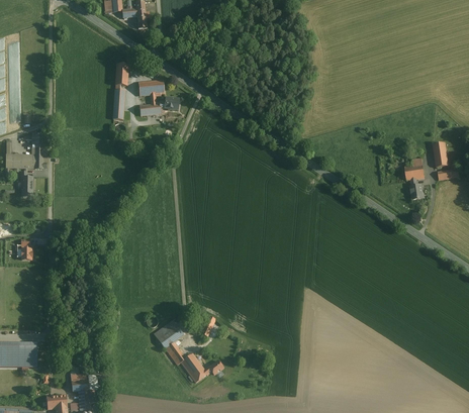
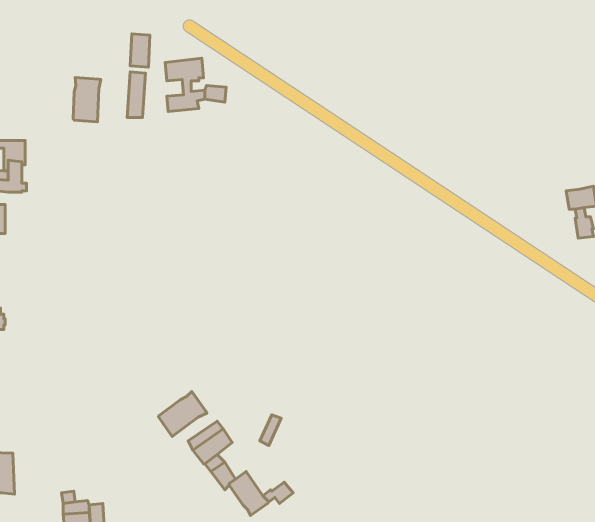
building: none -> [73,78,101,122]
building: none -> [159,391,207,437]

